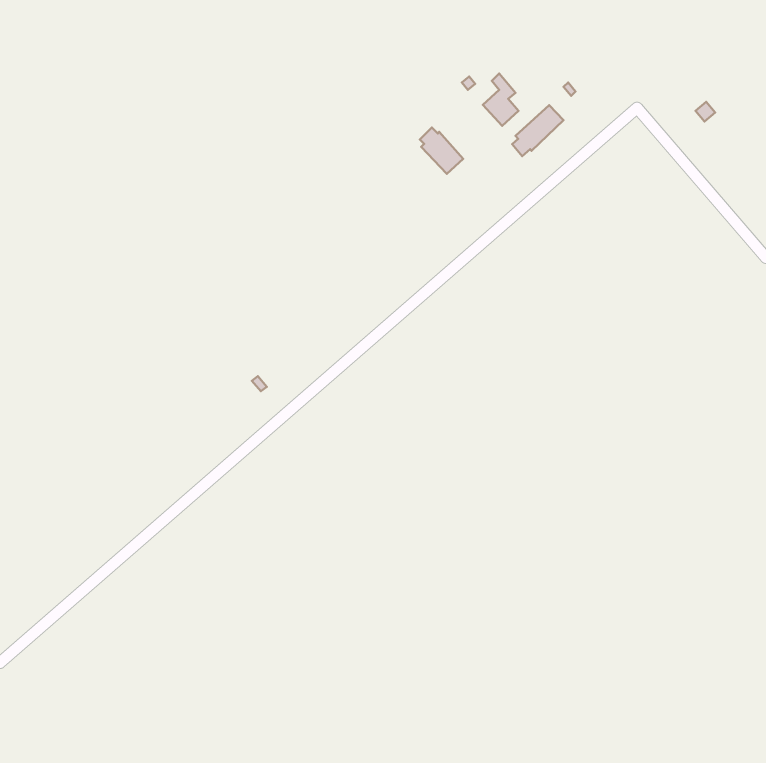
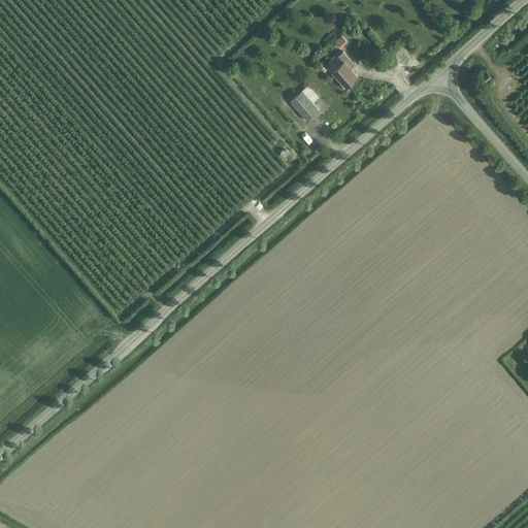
building: [512,105,564,156] -> none

